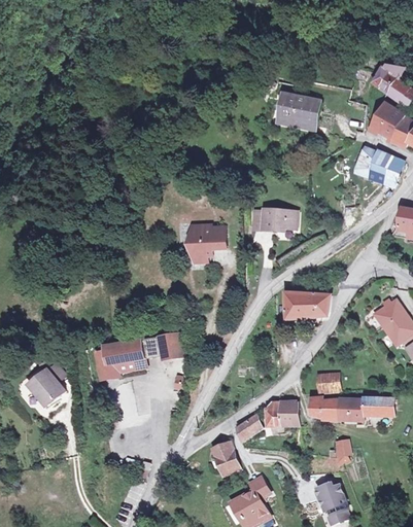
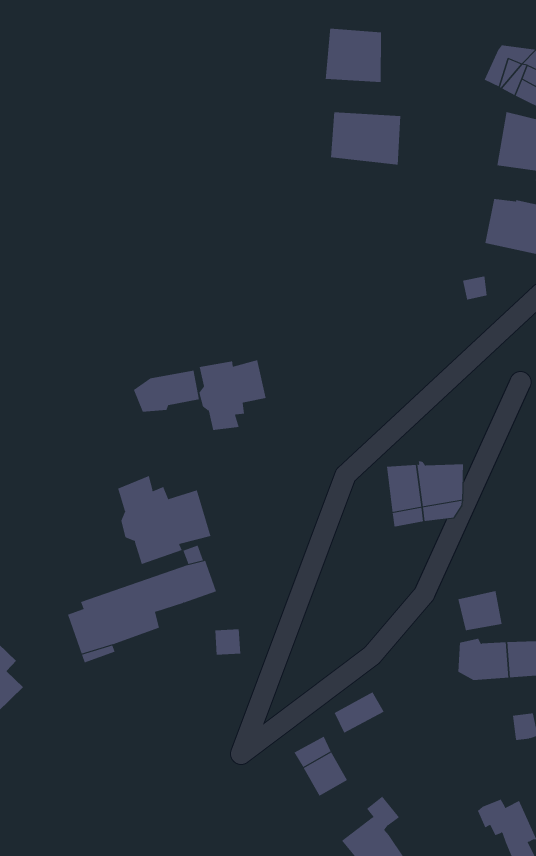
building: none -> [325,28,382,83]
building: [251,207,294,230] -> none
building: none -> [133,370,199,413]
building: none -> [117,475,211,565]
building: [269,402,300,428] -> none

